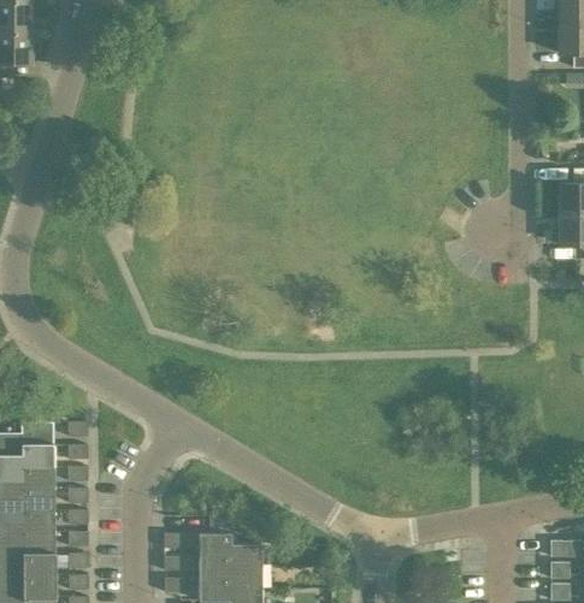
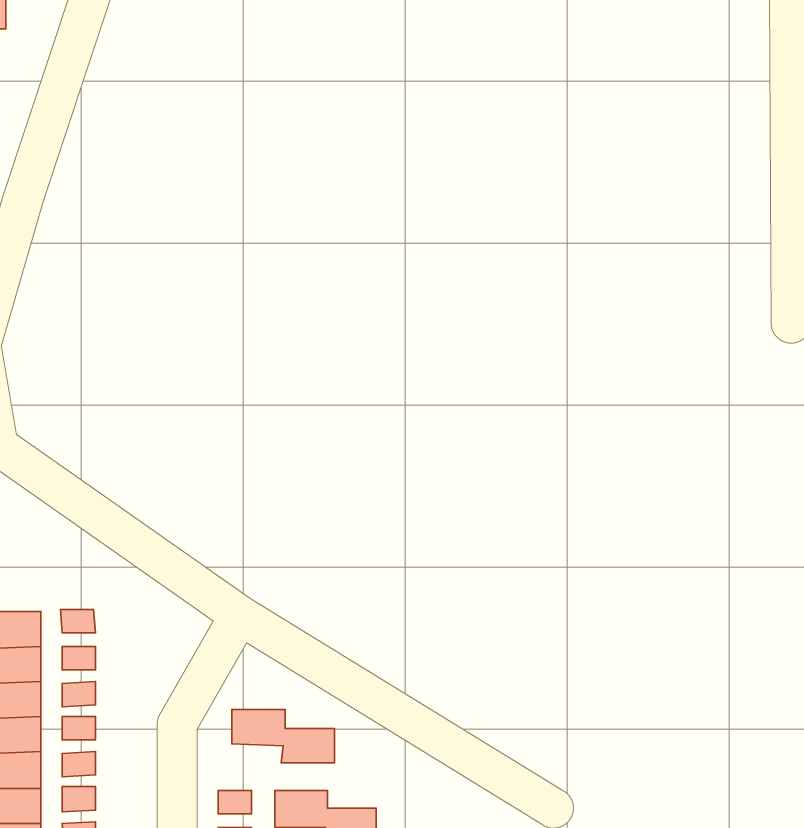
building: none -> [232,710,335,763]

